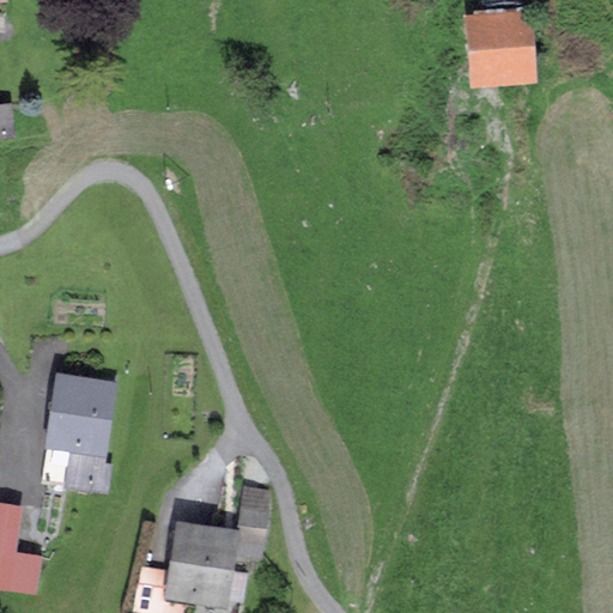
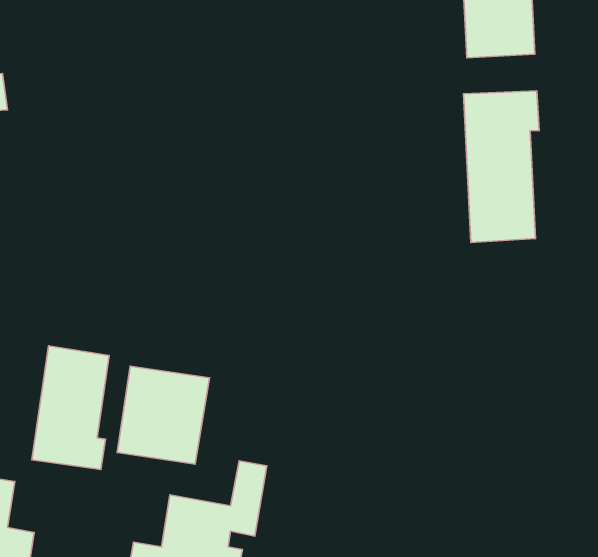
building: none -> [463,91,539,242]
building: none -> [117,366,210,464]

